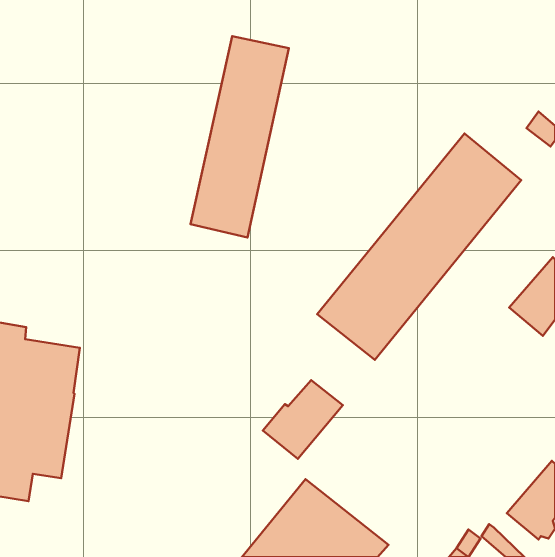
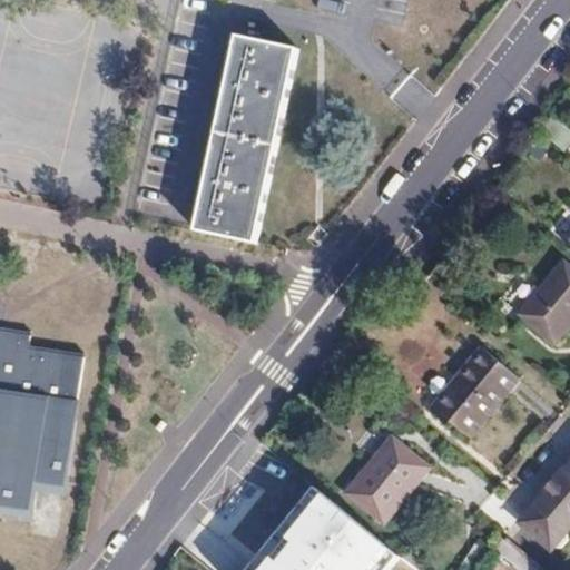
building: [317,133,521,360] -> none
building: none -> [433,347,515,436]
building: [263,380,343,459] -> [345,441,426,521]

